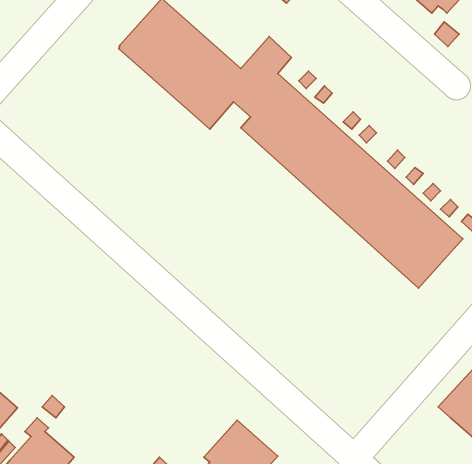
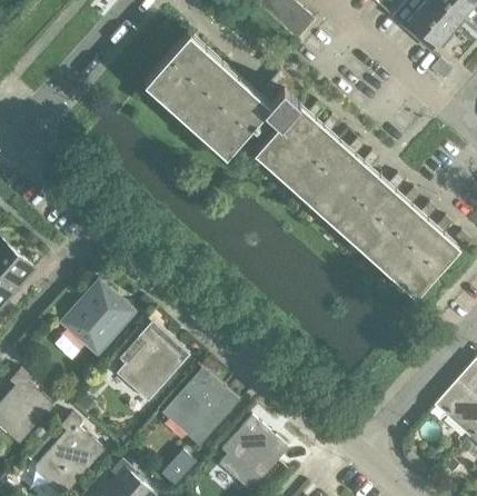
building: none -> [62,279,137,355]
building: none -> [117,324,187,400]
building: none -> [162,369,239,446]

